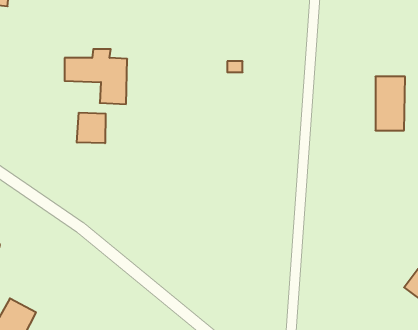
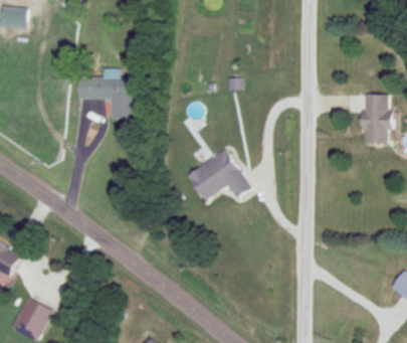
building: [77,113,106,143] -> none
building: none -> [187,149,251,200]

